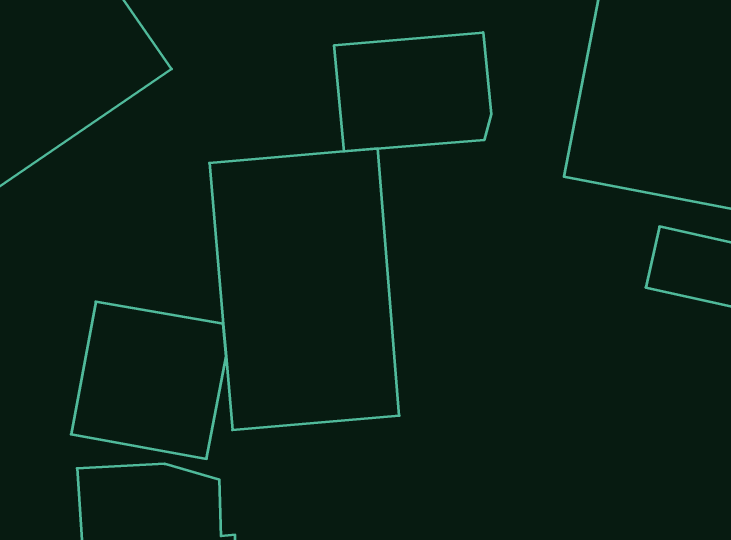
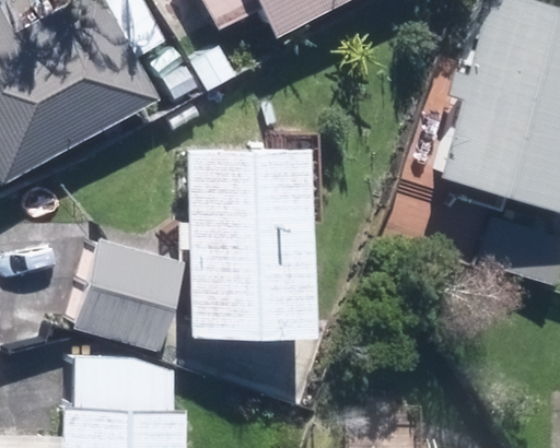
building: [334,32,491,151] -> none

